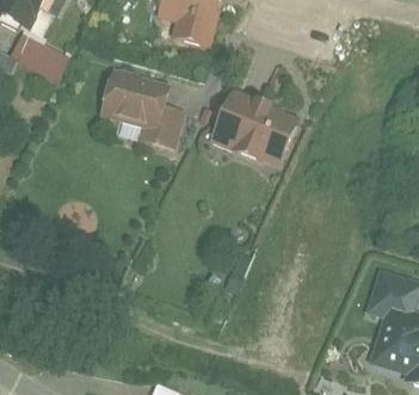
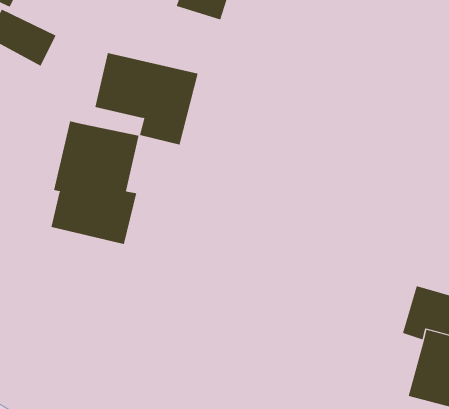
building: [215,92,307,177] -> none
building: none -> [51,120,139,245]

